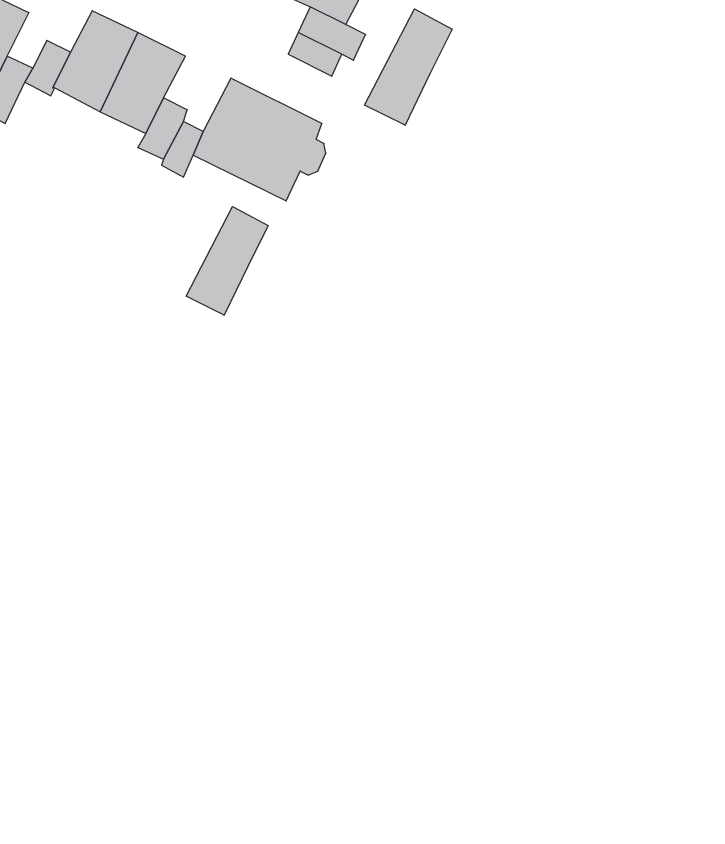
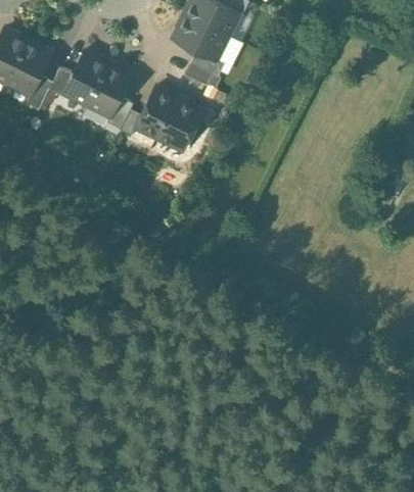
building: [365,9,452,125] -> none
building: [186,207,268,315] -> none

